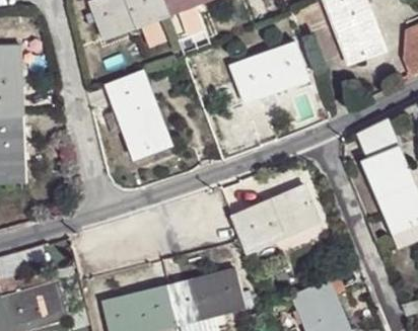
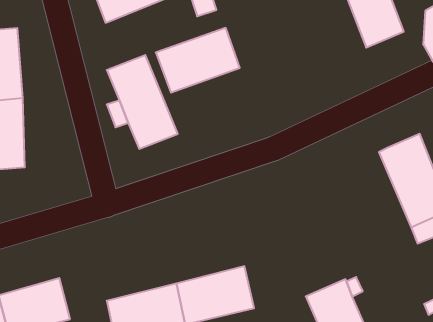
building: [230,44,309,104] -> [156,28,240,93]
building: [359,116,399,158] -> none
building: [231,186,318,253] -> none

